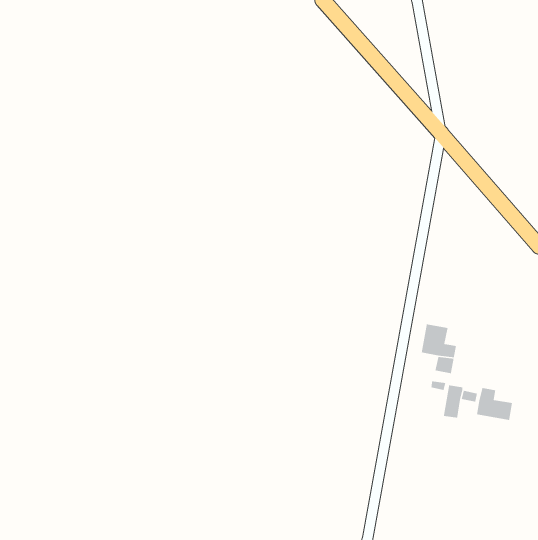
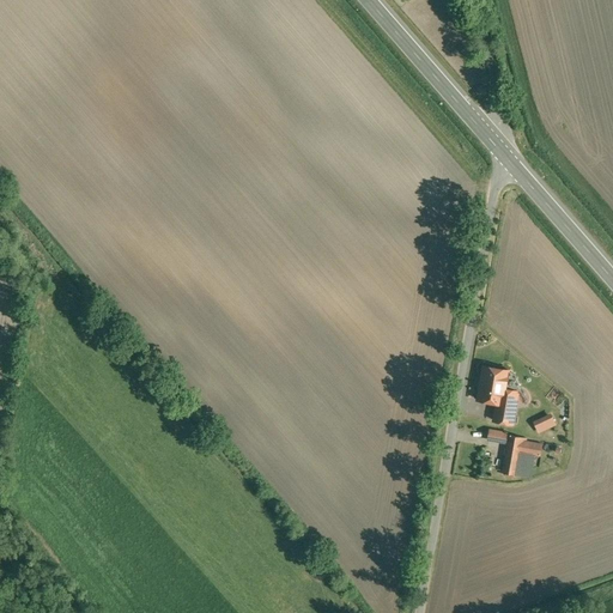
building: [476,387,513,421] -> none

